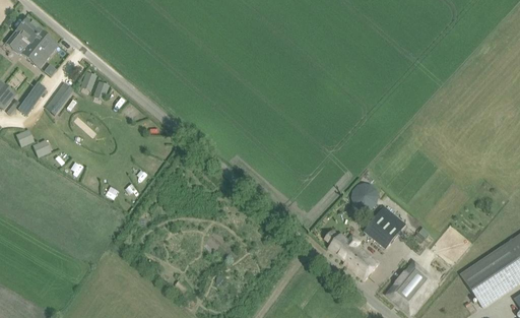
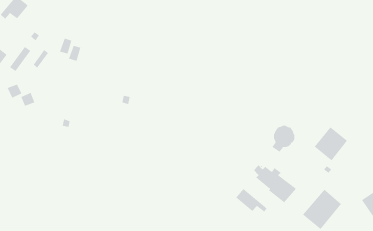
building: [23,30,58,66] -> none
building: [363,204,405,248] -> [314,126,348,161]
building: none -> [235,188,268,217]

